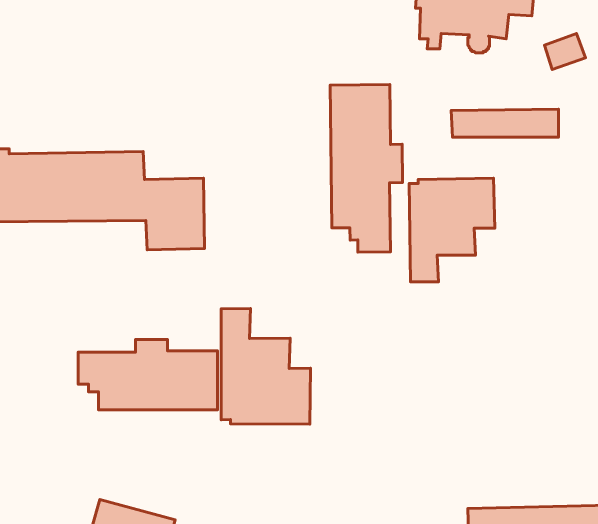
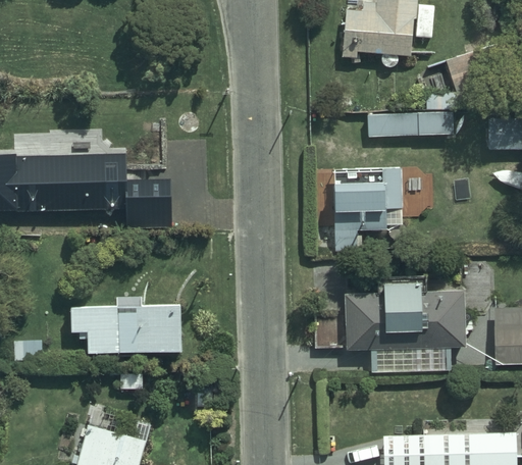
building: [330,84,403,252] -> none
building: [221,308,311,424] -> none
building: none -> [345,280,466,373]

